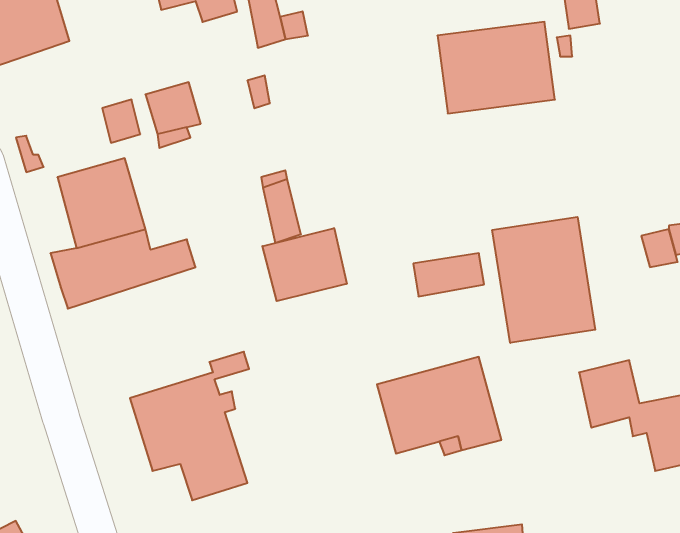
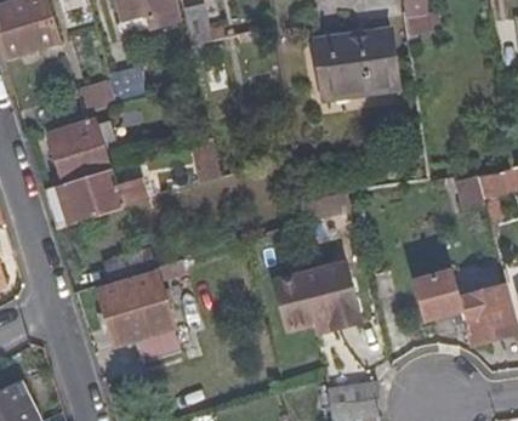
building: [492,217,595,343] -> none
building: [262,228,347,301] -> none

